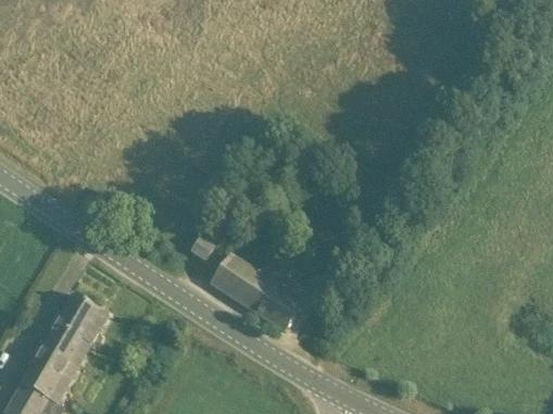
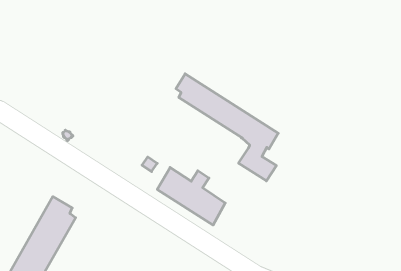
building: none -> [176,74,278,181]

